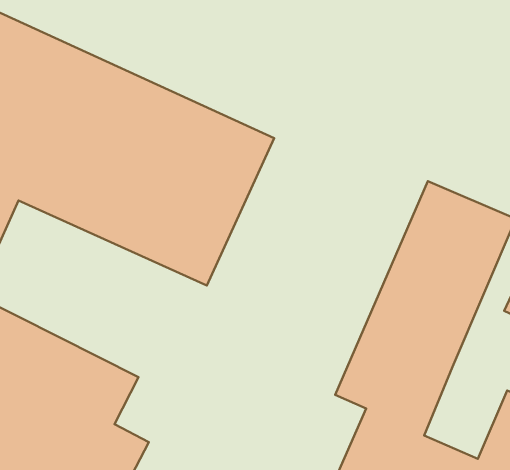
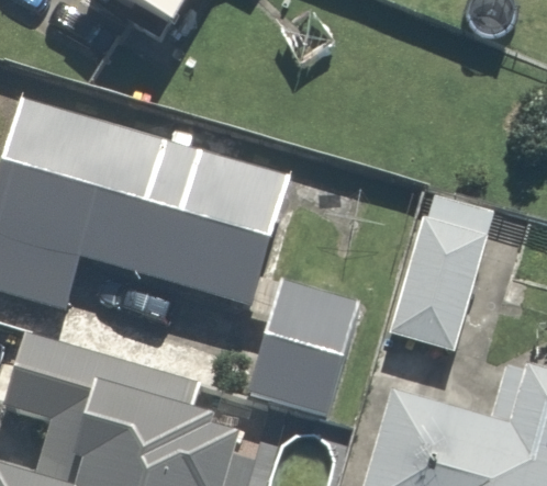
building: none -> [244,274,377,428]

